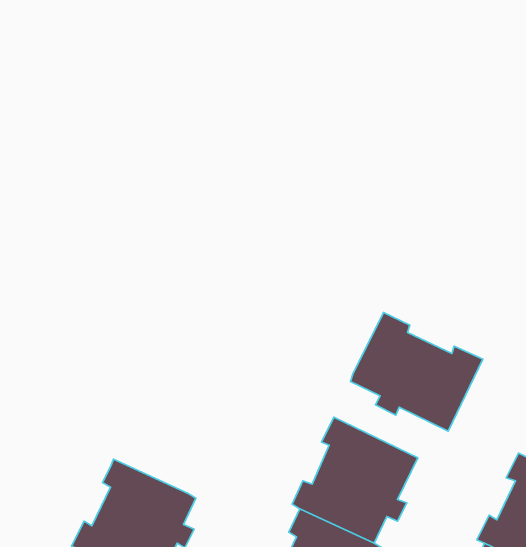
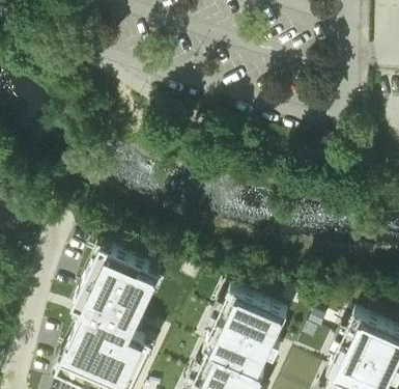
building: [350,312,483,431] -> none
building: none -> [79,249,163,333]

